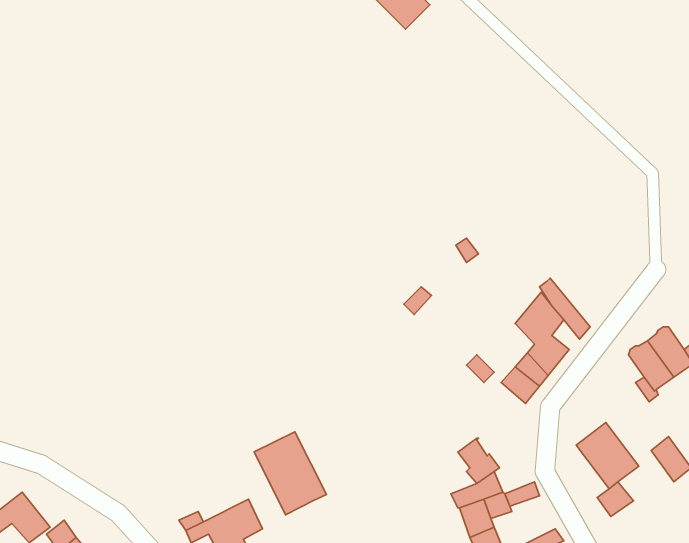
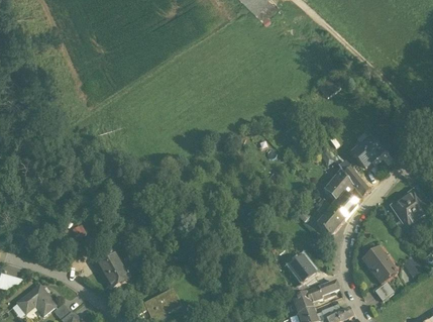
building: none -> [352,139,380,167]
building: [254,432,326,515] -> none
building: none -> [94,252,127,289]

